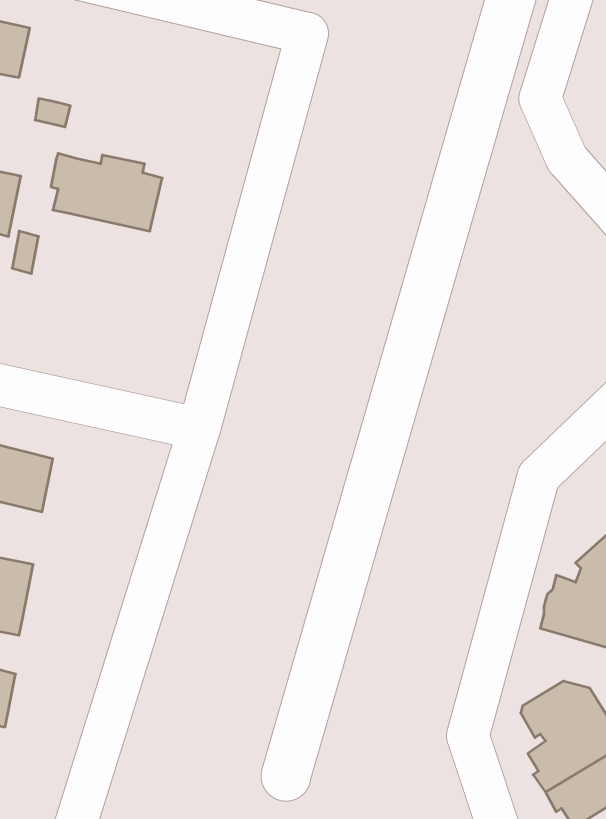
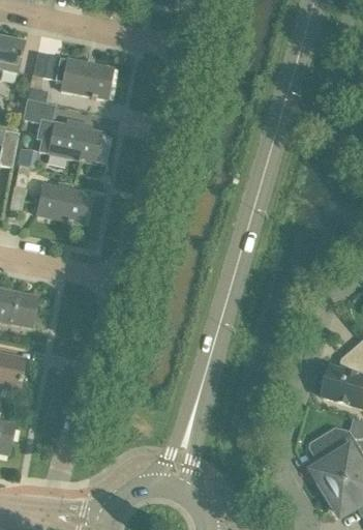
building: none -> [31,53,113,100]
building: none -> [22,99,54,122]
building: none -> [35,184,89,226]

